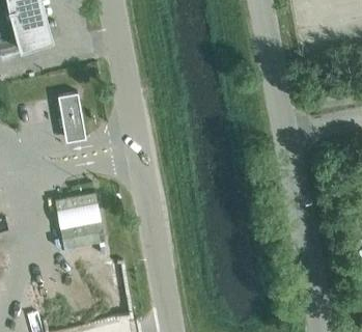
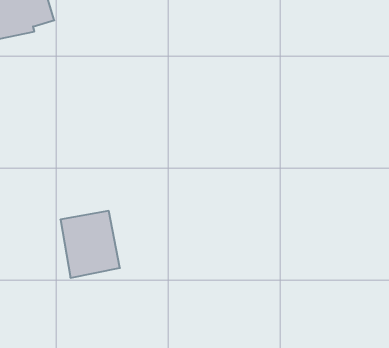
building: [57,94,85,140] -> none

